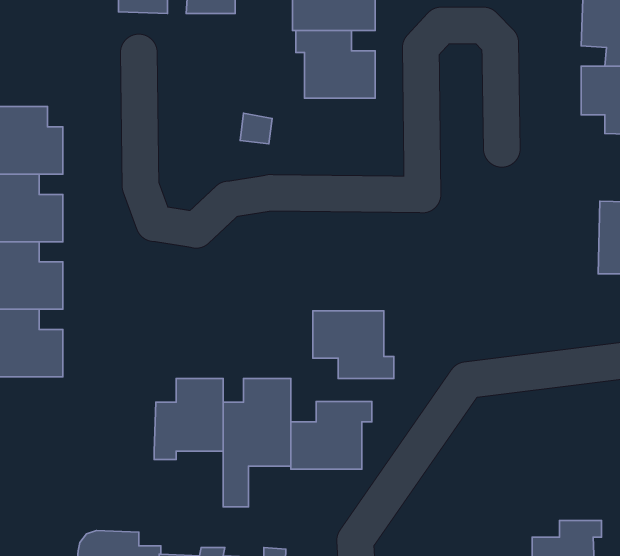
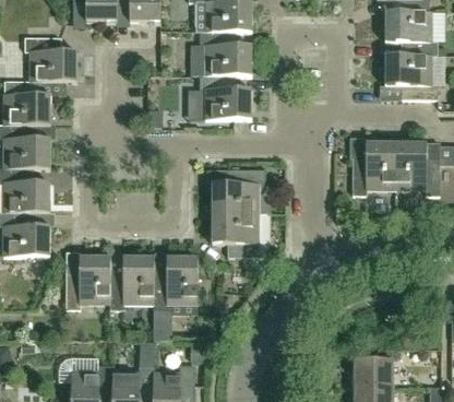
building: none -> [24,37,76,81]
building: none -> [199,75,251,119]
building: none -> [351,142,396,194]
building: none -> [65,257,109,309]
building: [291,402,372,469] -> [211,169,263,213]

